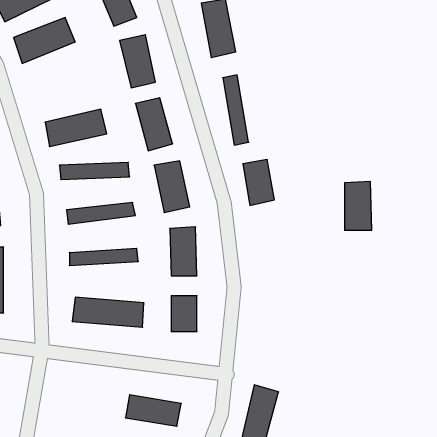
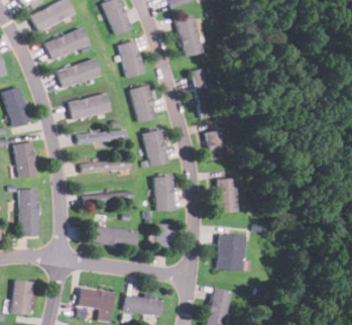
building: none -> [56,60,100,87]
building: [345,182,372,230] -> [219,178,238,212]
building: none -> [217,234,246,272]
building: none -> [79,288,115,311]

